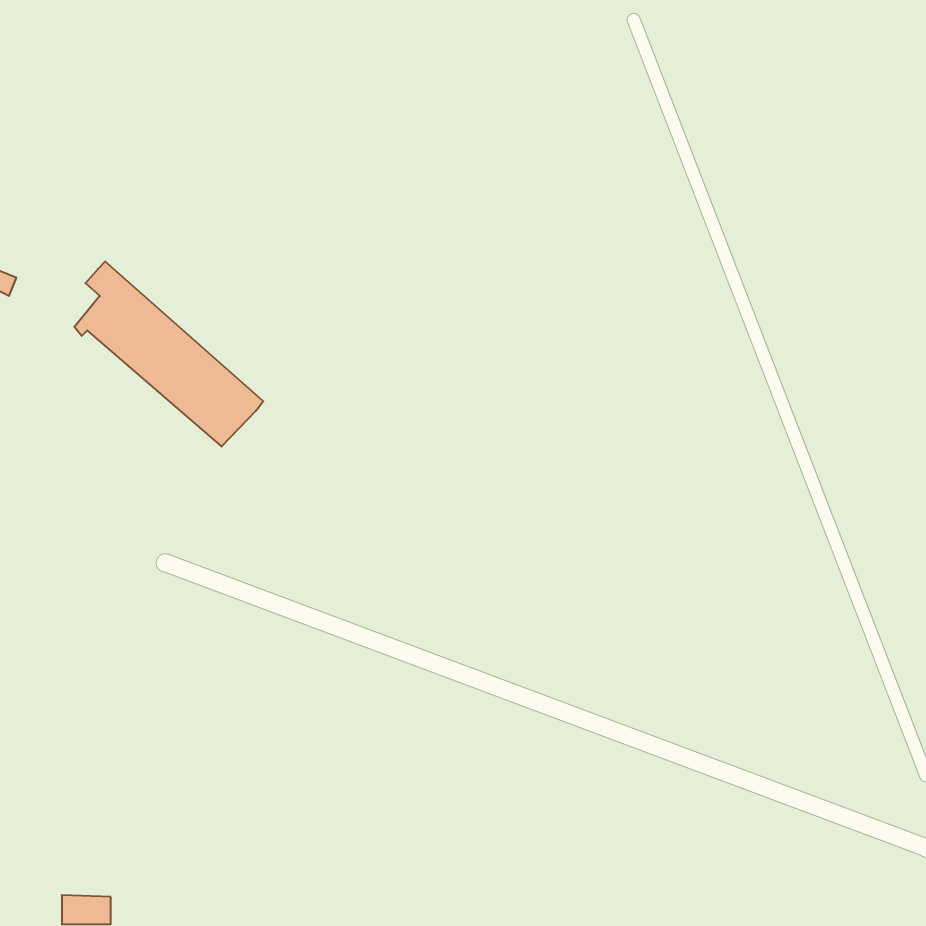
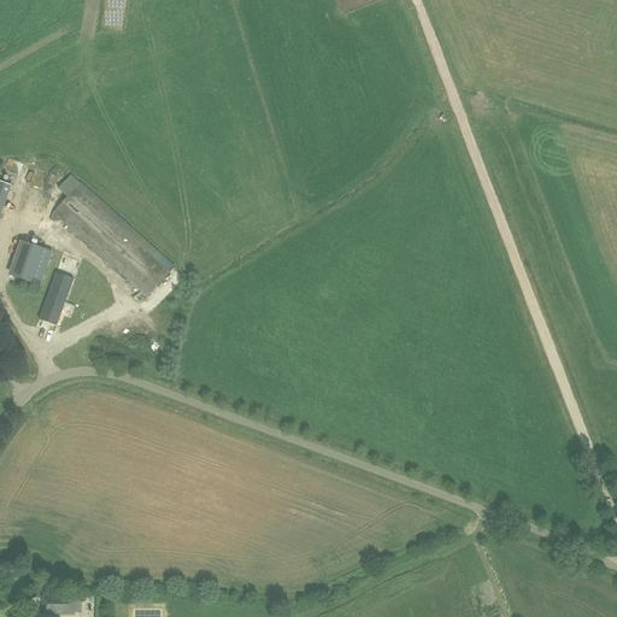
building: none -> [8,240,52,284]
building: none -> [36,271,71,324]

